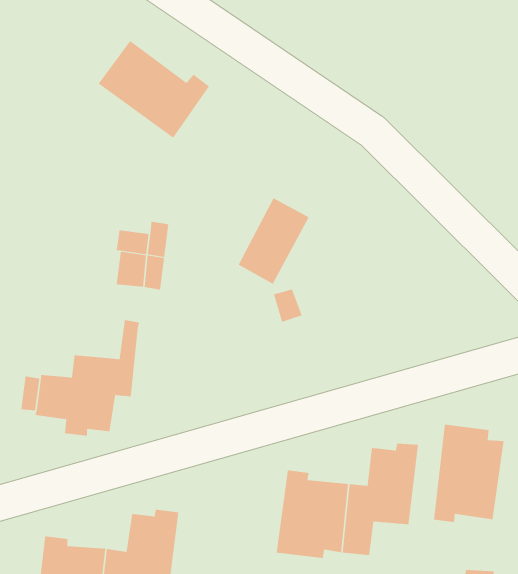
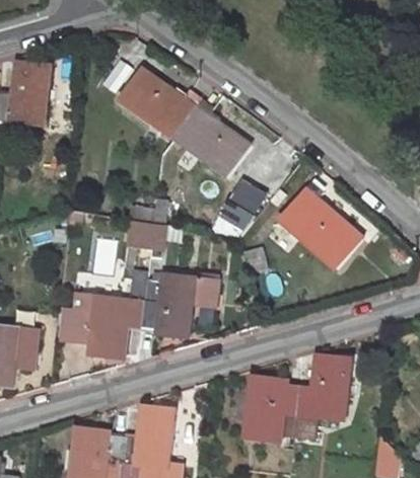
building: none -> [170,100,249,176]
building: none -> [278,180,357,264]
building: none -> [140,270,215,334]
building: [433,424,504,523] -> none

